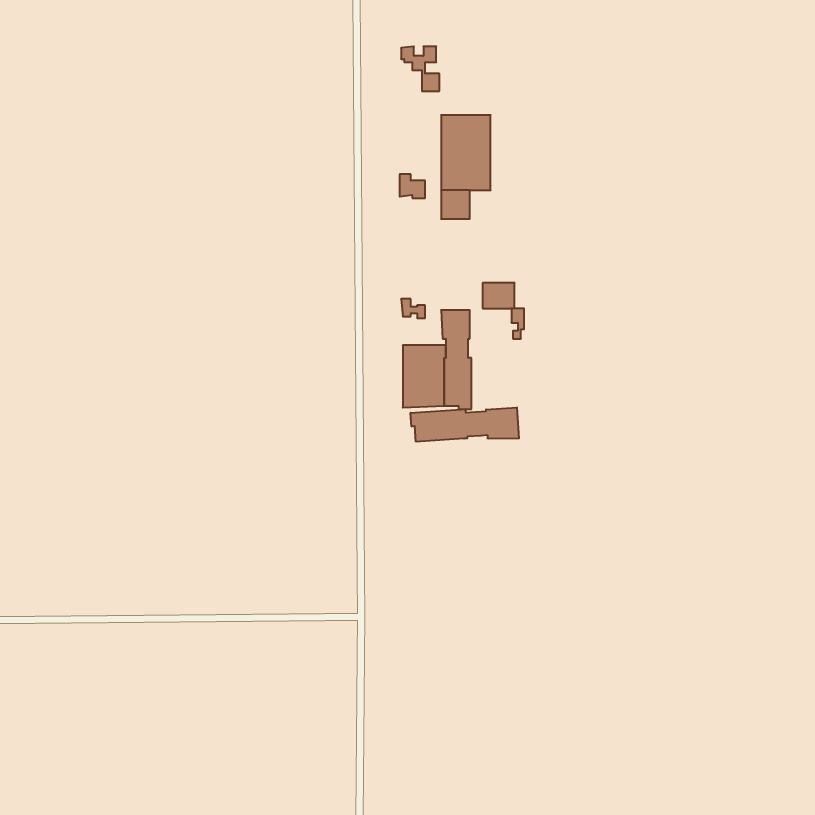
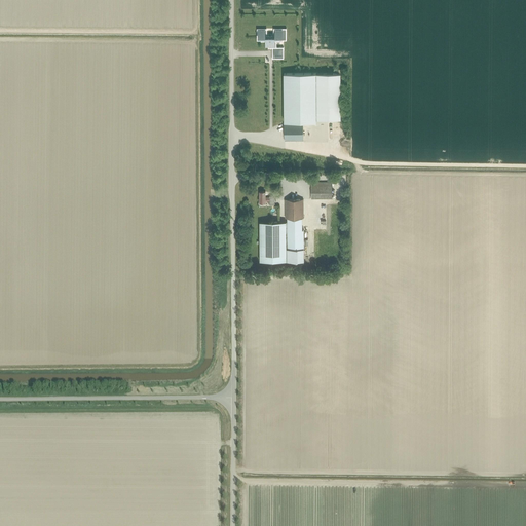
building: none -> [315,74,340,120]
building: [411,407,519,442] -> none

